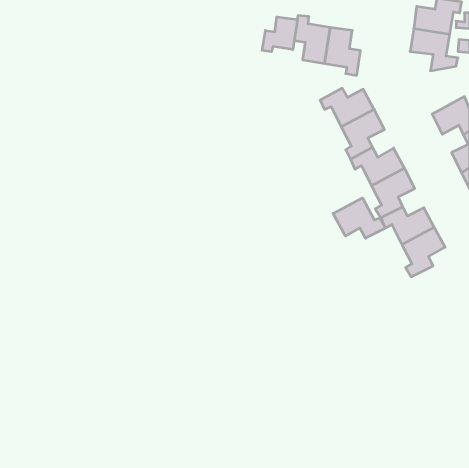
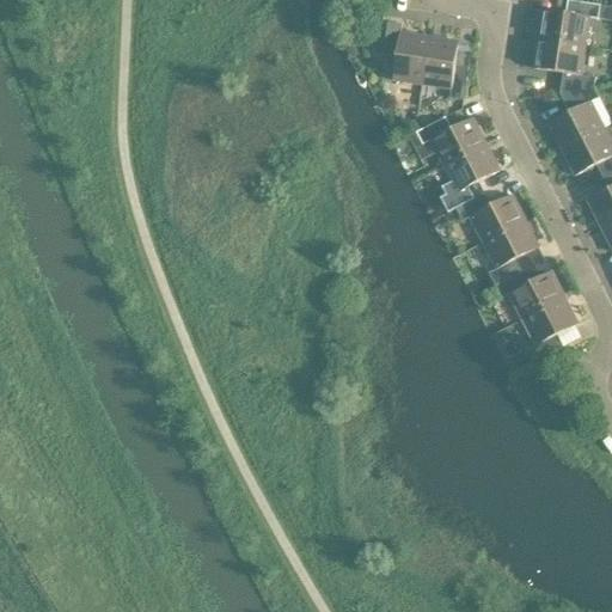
building: [262,17,297,52] -> none
building: none -> [549,86,605,148]
building: [333,198,385,238] -> none

